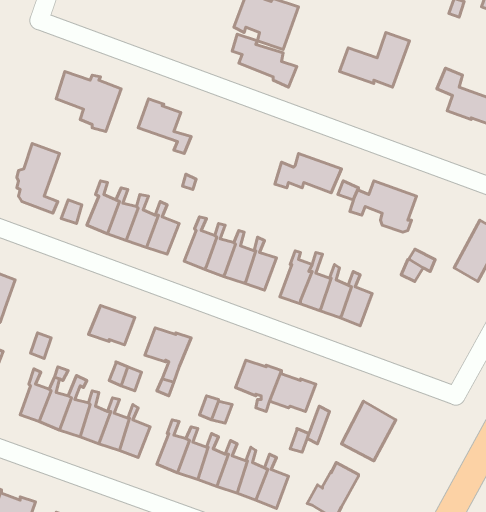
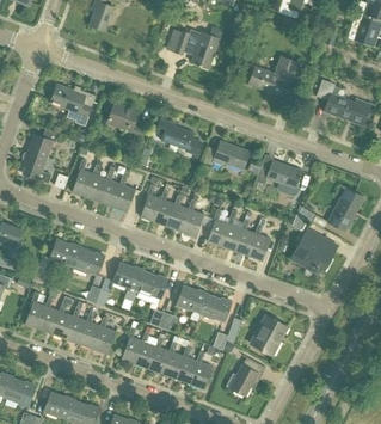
building: [232,34,297,87] -> [156,118,202,155]
building: none -> [291,227,334,274]
building: none -> [49,238,81,266]
building: none -> [136,269,168,297]

